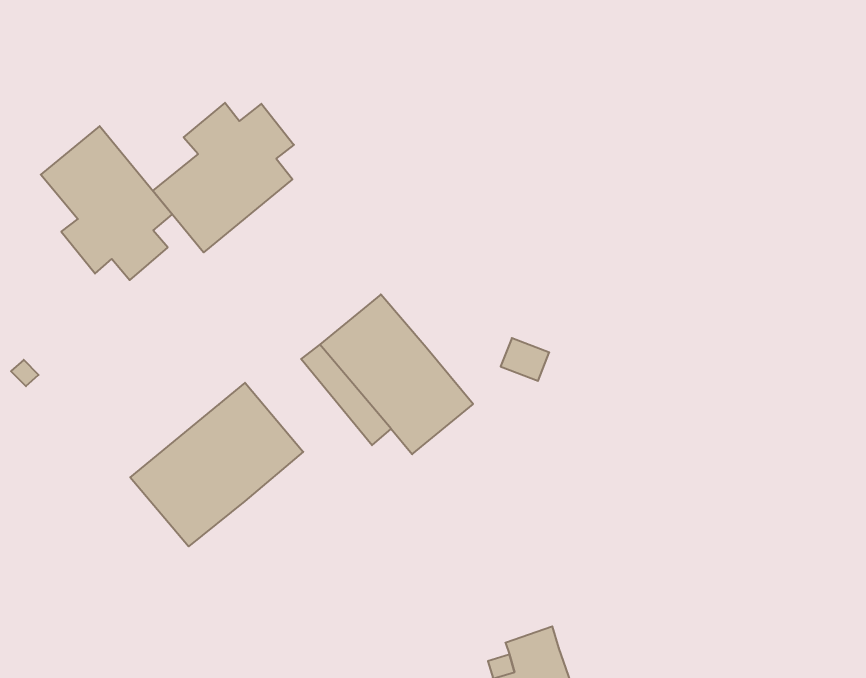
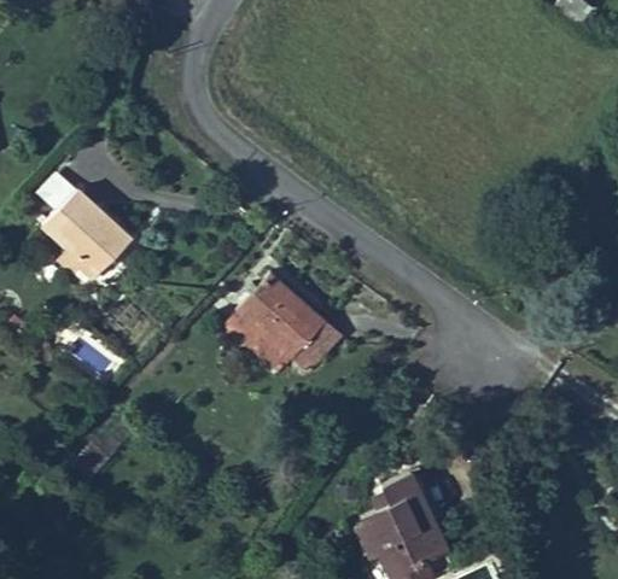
building: [153,103,294,252] -> none
building: [130,383,303,546] -> none

